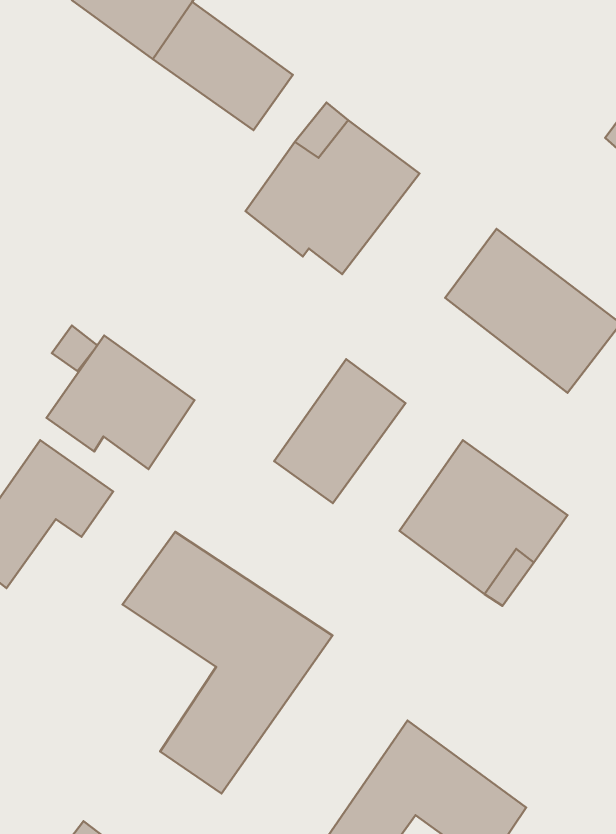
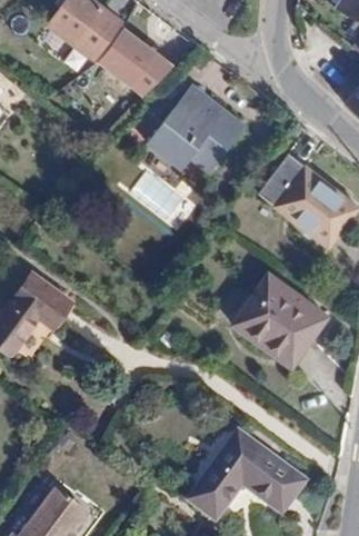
building: [46,335,195,469] -> none
building: [274,359,405,503] -> none
building: [123,532,333,793] -> none

